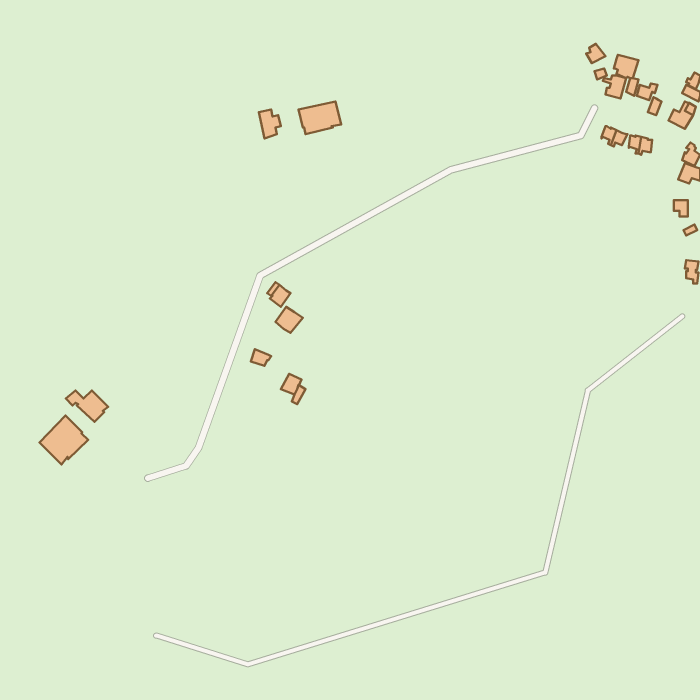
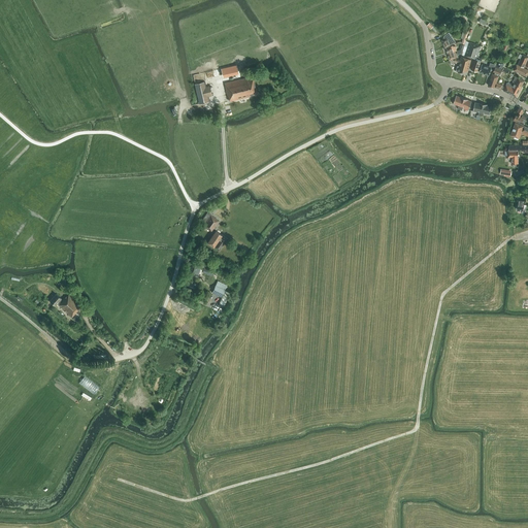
building: [39,416,88,464] -> none

